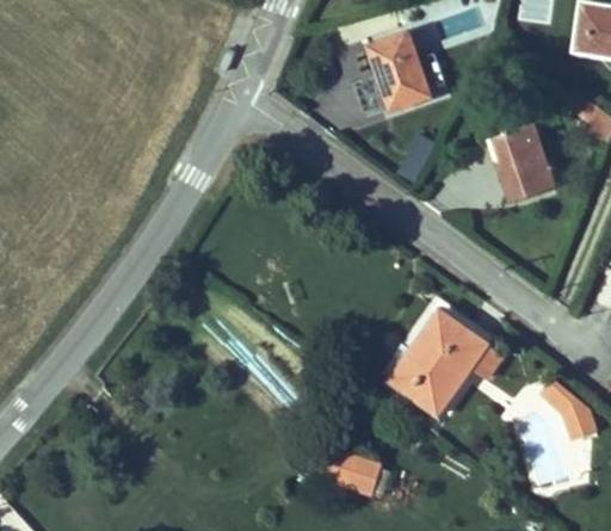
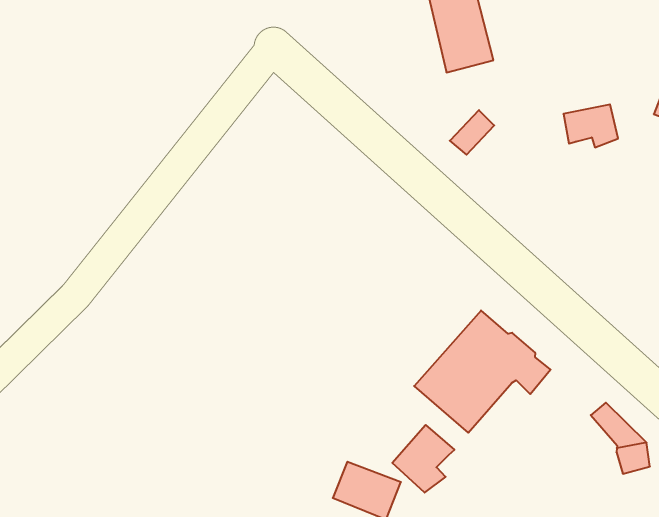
building: [495,152,554,200] -> none
building: none -> [392,425,454,493]

